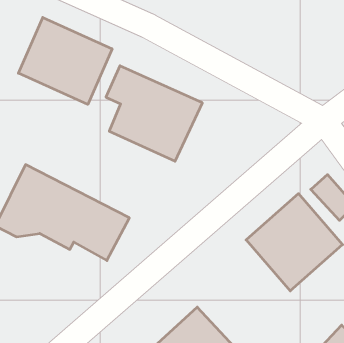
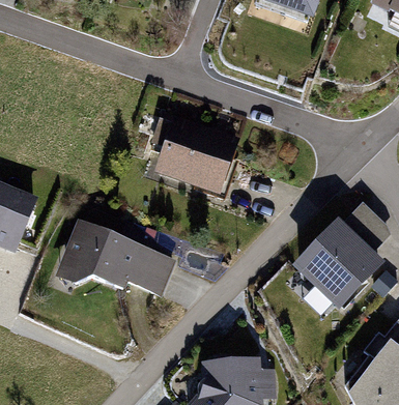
building: [18,17,112,104] -> none

